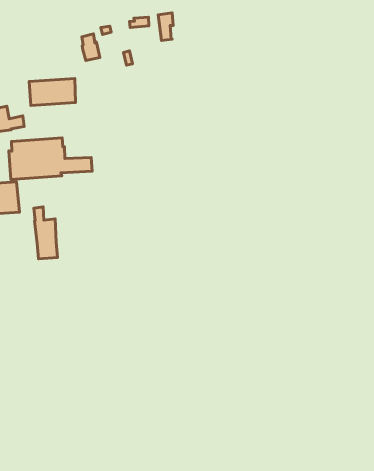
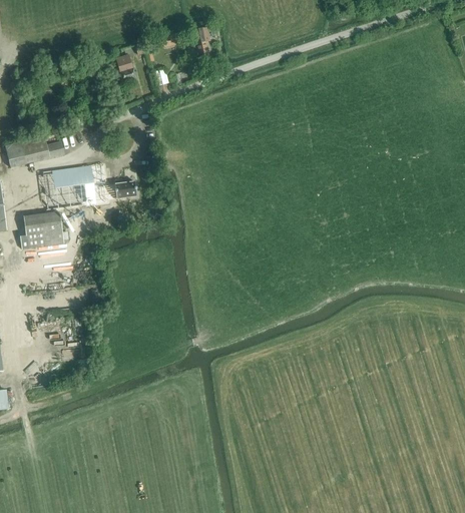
building: [29,78,75,105] -> none
building: [34,207,58,259] -> none

